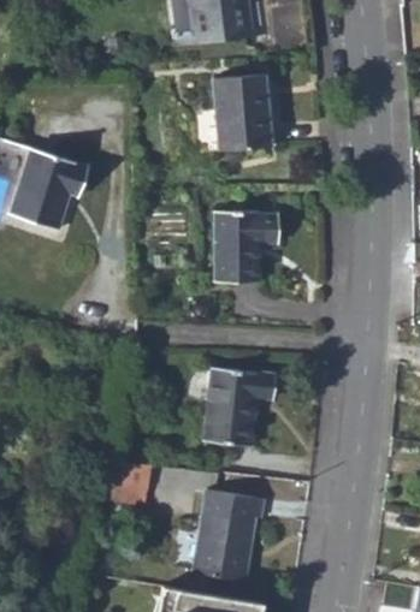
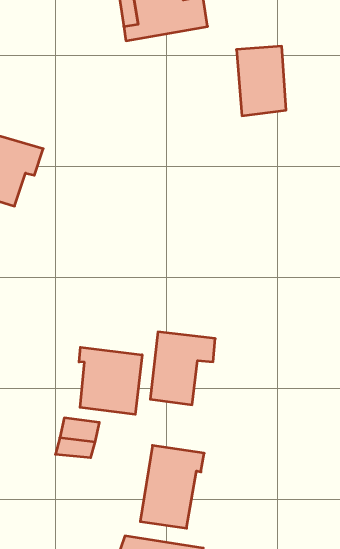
building: [214,75,268,150] -> [236,46,286,116]
building: [214,208,277,280] -> none
building: none -> [79,347,142,414]

